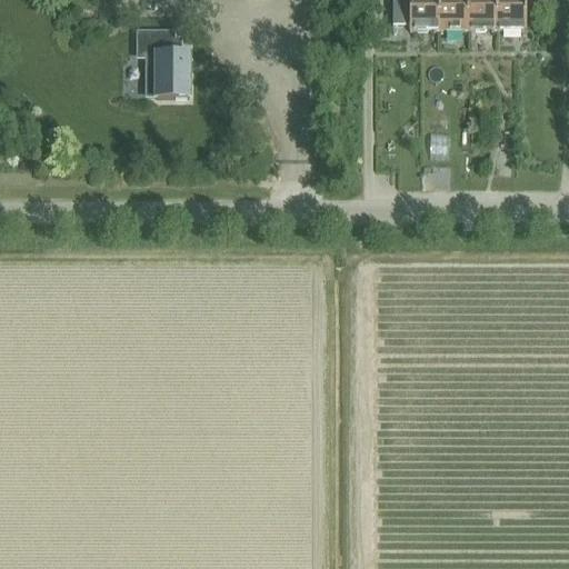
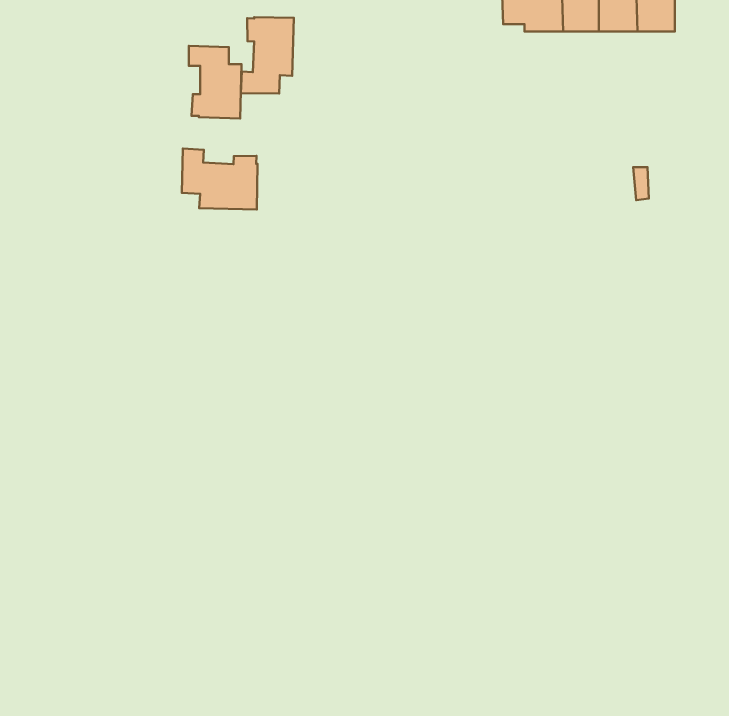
building: none -> [241,17,294,94]
building: none -> [182,149,258,210]

